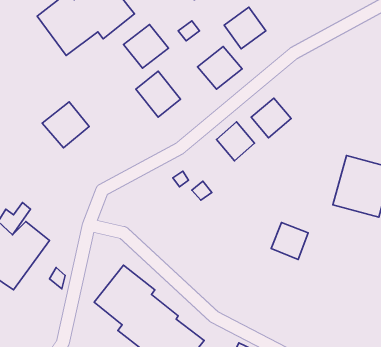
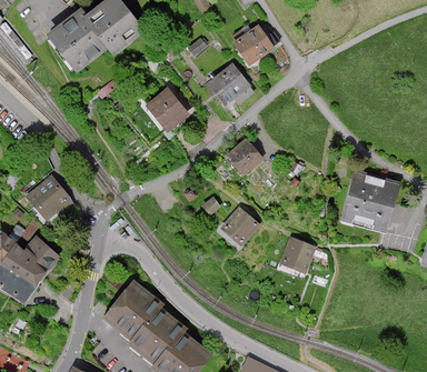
building: [124,25,169,68] -> none
building: [251,98,291,138] -> none
building: [42,102,89,148] -> [24,175,71,221]
building: none -> [220,207,258,245]

